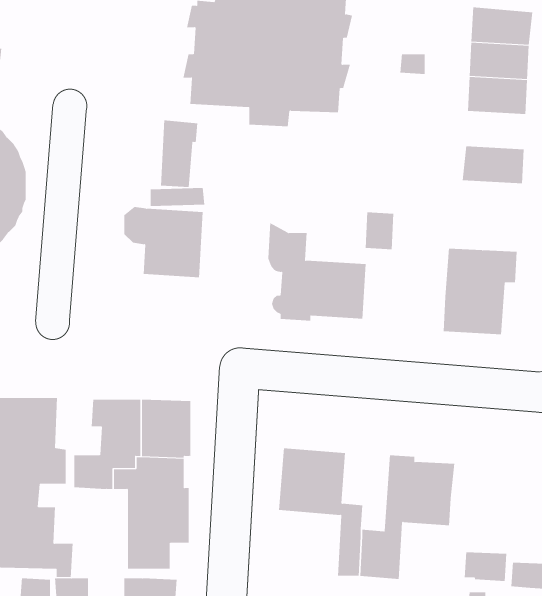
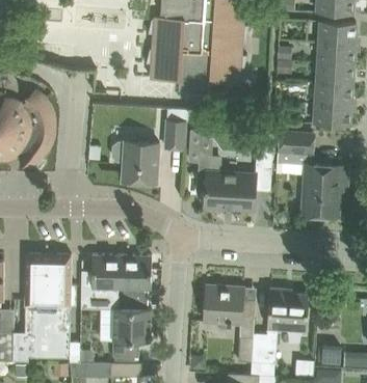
building: none -> [315,84,351,107]
building: [160,120,198,187] -> [164,109,187,149]
building: none -> [279,134,313,154]

